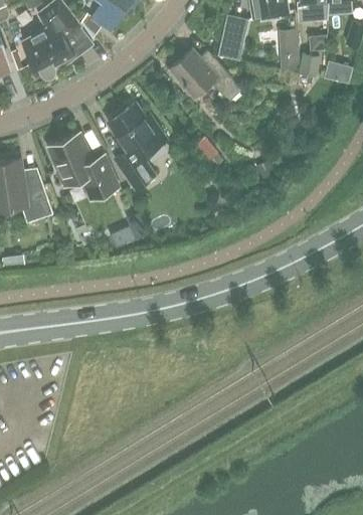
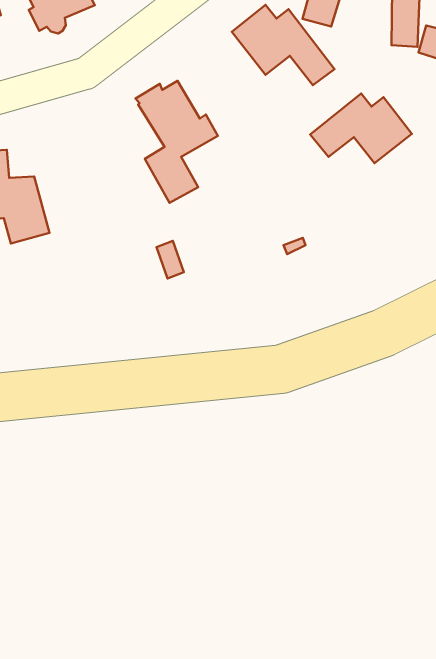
building: none -> [310,93,412,163]
building: [48,134,117,200] -> none

